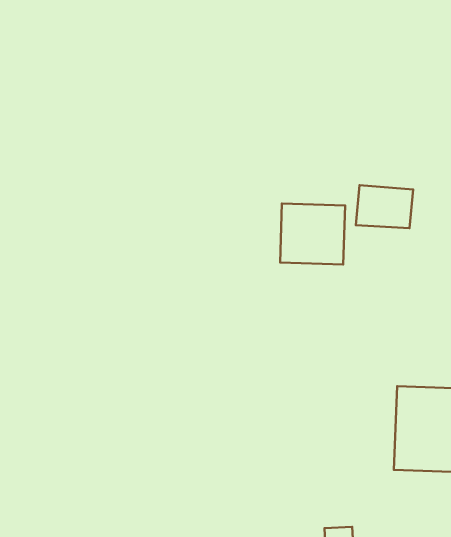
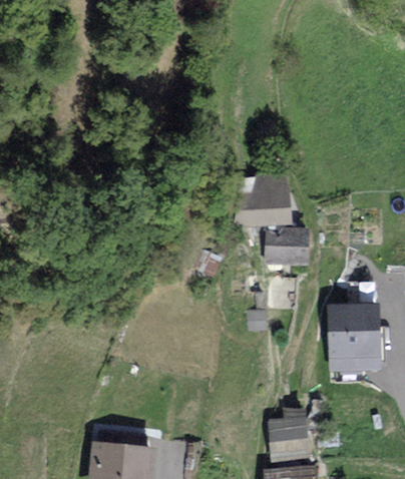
building: [356,185,413,228] -> [266,232,306,262]

